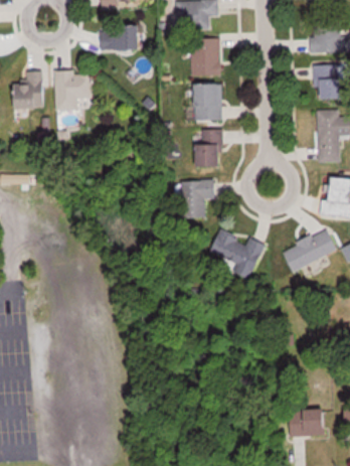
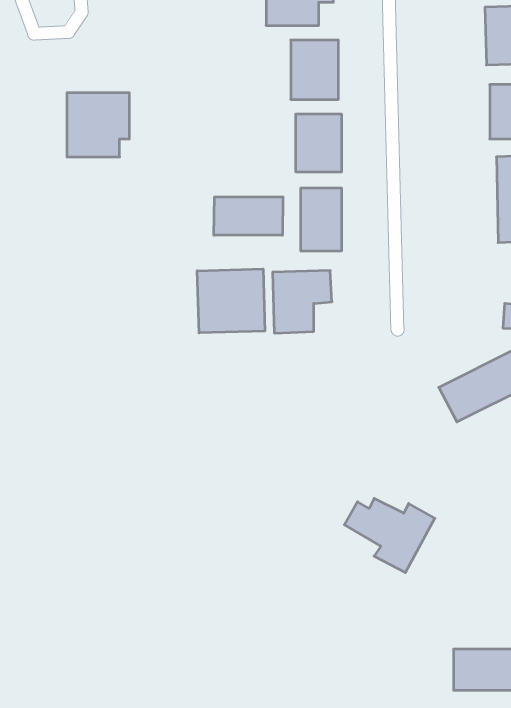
building: [98,29,139,50] -> none
building: [18,71,44,110] -> none
building: none -> [214,197,283,235]
building: none -> [197,269,265,333]
building: [209,234,265,279] -> [344,498,435,573]

